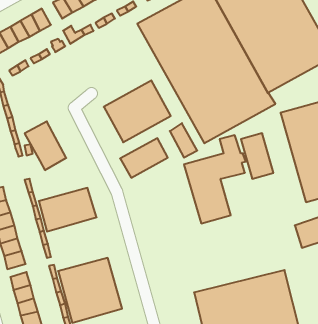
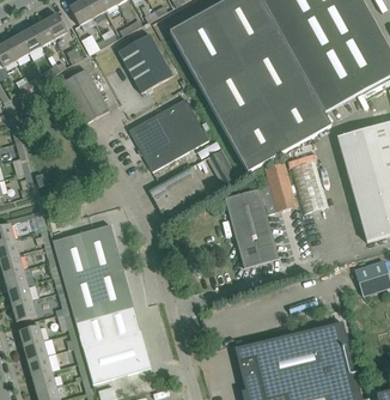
building: none -> [118,32,172,92]
building: [25,121,66,170] -> [60,67,109,125]
building: none -> [62,259,134,322]

